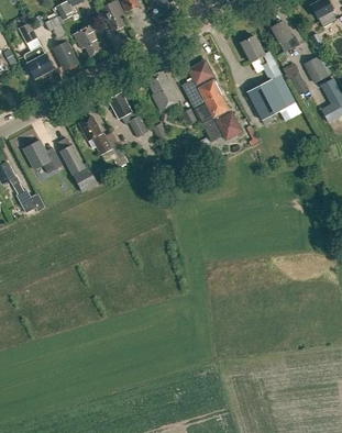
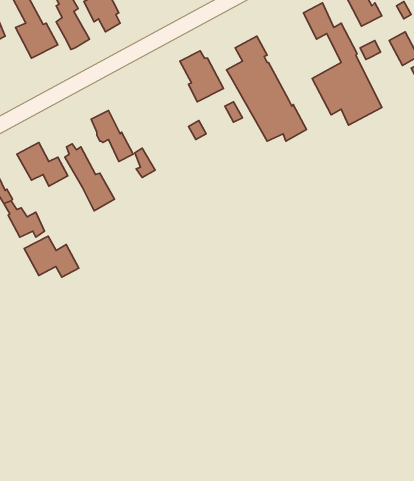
building: [108,92,147,136] -> none
building: none -> [24,236,79,277]

